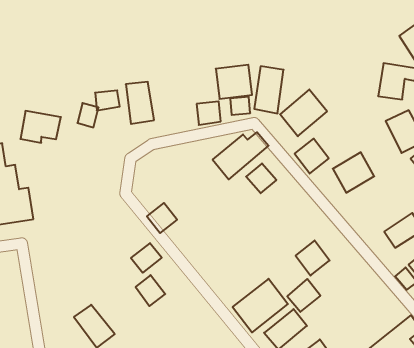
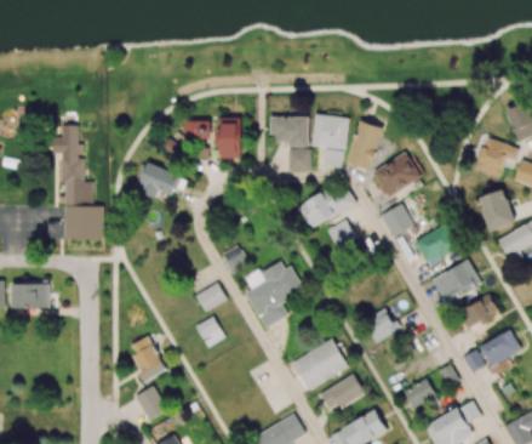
building: none -> [273,119,309,144]
building: [20,111,61,143] -> [137,163,182,198]
building: none -> [434,262,481,302]
building: none -> [245,258,303,328]
building: [287,279,320,312] -> [404,377,437,410]

